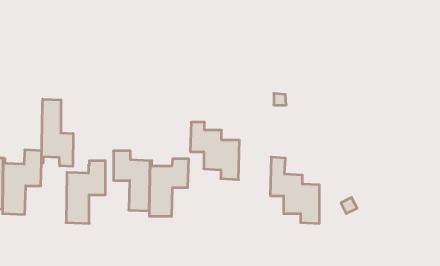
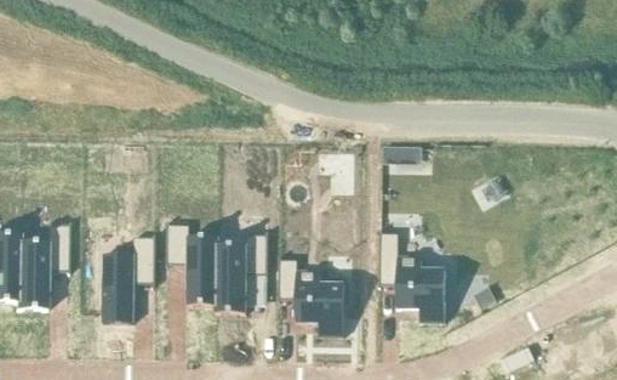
building: [42,99,73,166] -> none
building: [190,122,239,180] -> [278,257,344,335]

